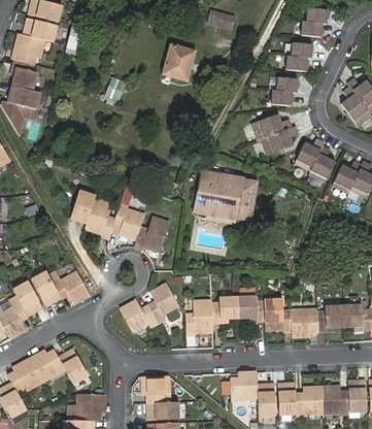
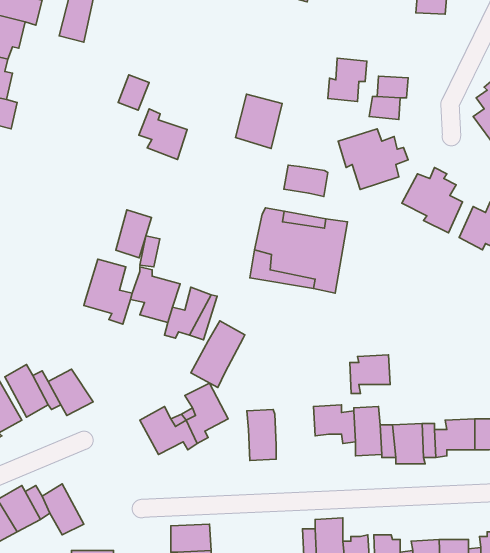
building: [289,43,314,72] -> [328,58,367,102]
building: [165,45,196,81] -> [236,94,282,148]
building: none -> [139,109,187,160]
building: none -> [284,165,328,196]
building: [69,195,93,227] -> [116,210,152,258]
building: none -> [191,321,245,388]
building: [210,298,237,324] -> [350,355,390,394]

